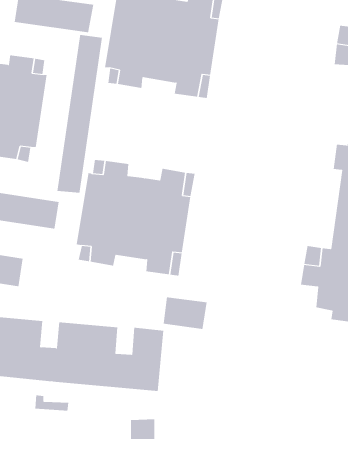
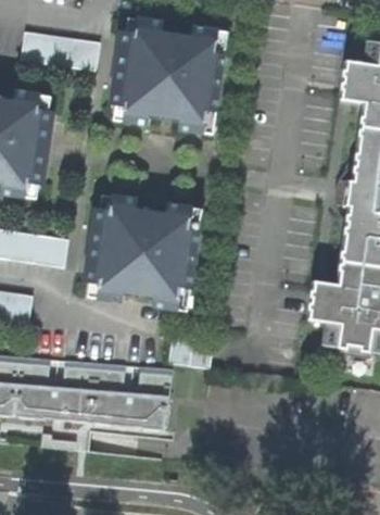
building: [57,34,102,193] -> none

